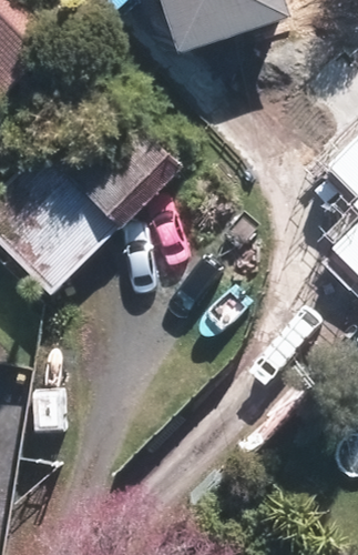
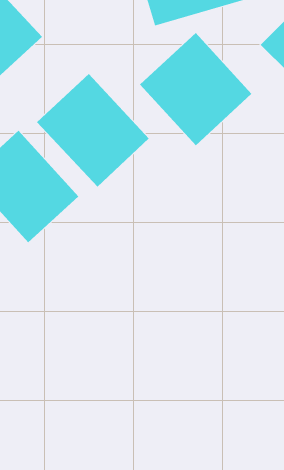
building: none -> [139,32,252,146]

